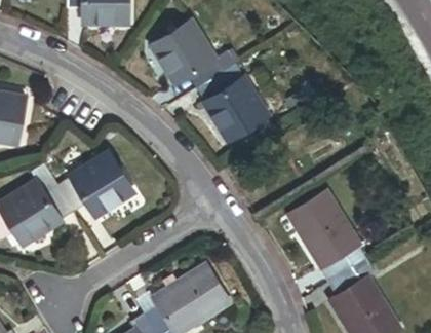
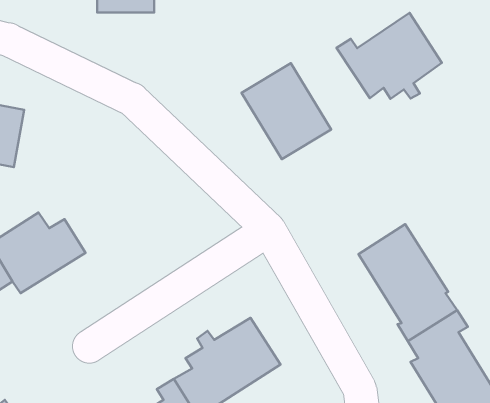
building: [154,21,236,86] -> none
building: none -> [336,13,442,99]
building: [57,154,133,217] -> none

